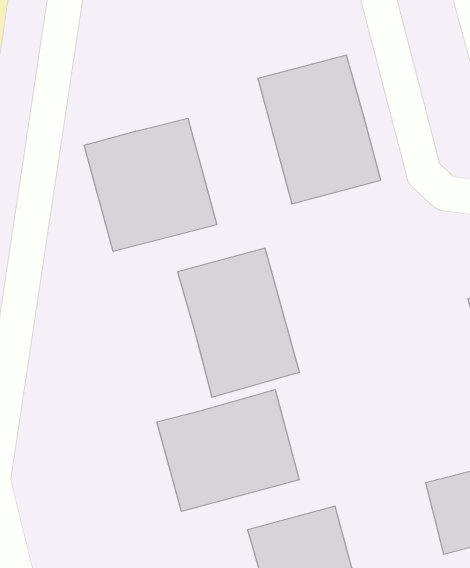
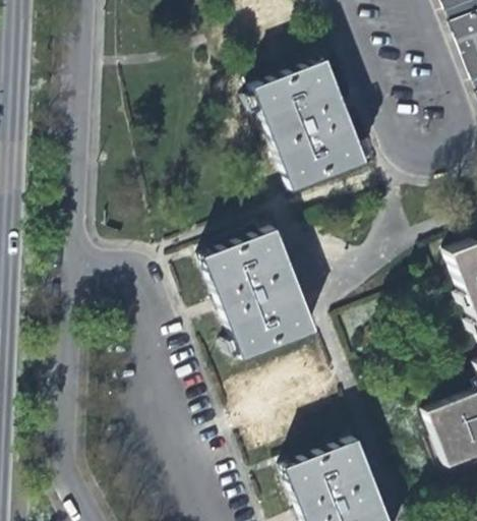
building: [84,118,217,252] -> none
building: [157,390,299,511] -> none

